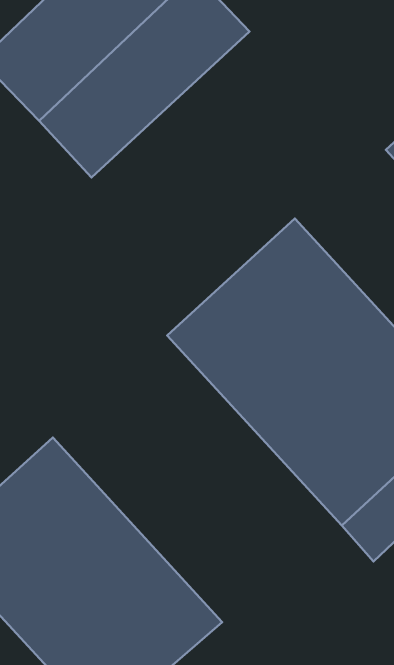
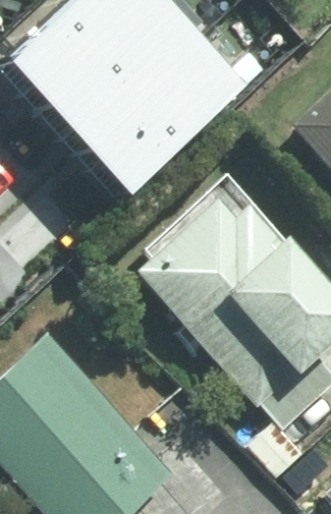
building: none -> [77,40,235,191]

